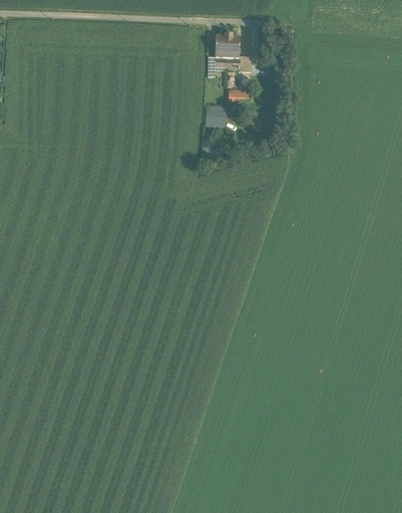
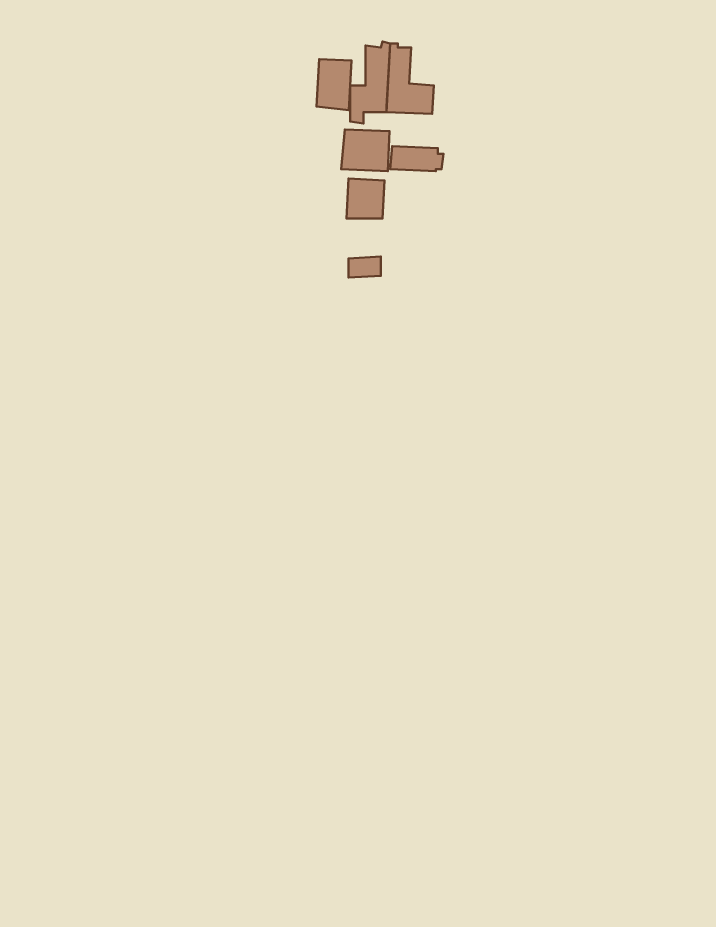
building: none -> [317,59,352,110]
building: none -> [341,129,389,171]

